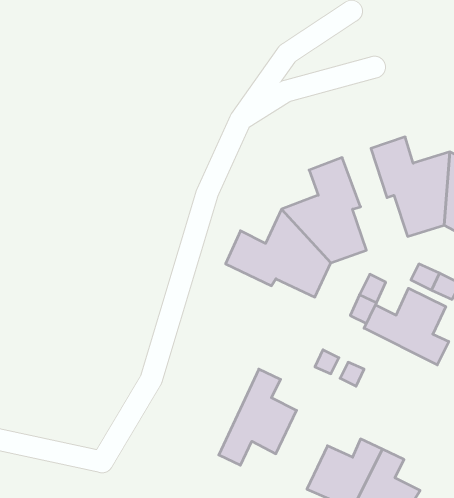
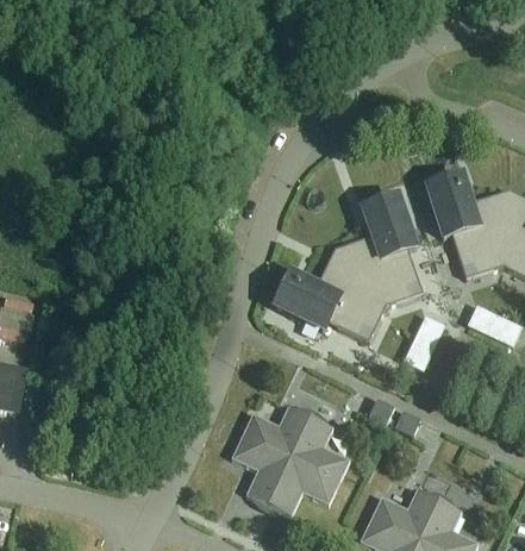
building: [364,288,449,365] -> none
building: none -> [232,405,311,505]

